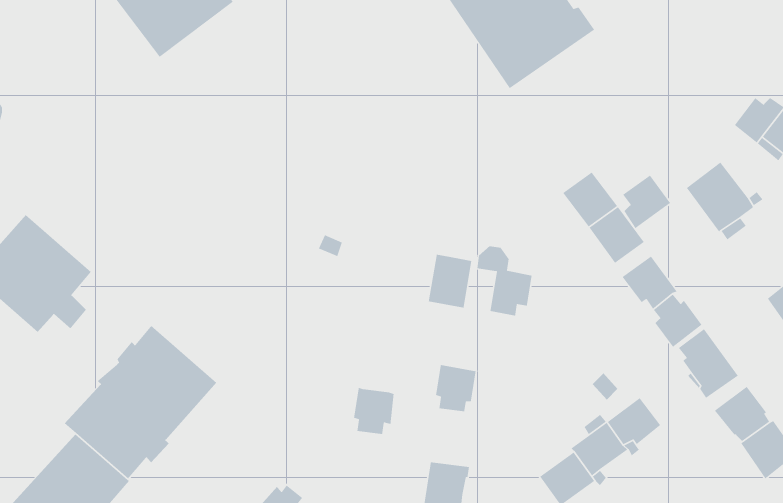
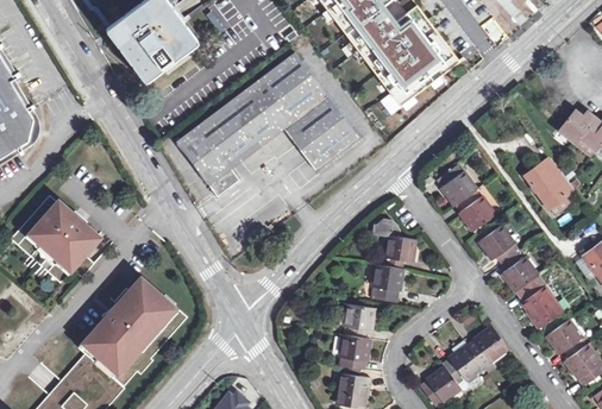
building: none -> [175,51,359,196]
building: [622,175,671,229] -> none
building: [428,254,472,308] -> [370,264,402,303]
building: [353,387,394,435] -> [339,334,369,369]

